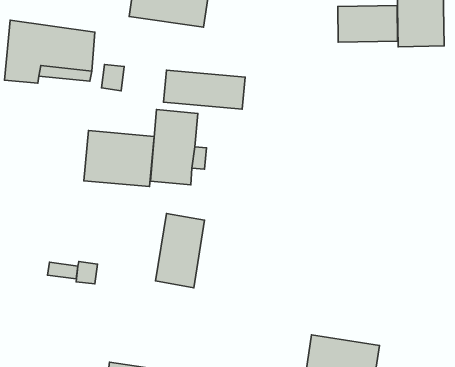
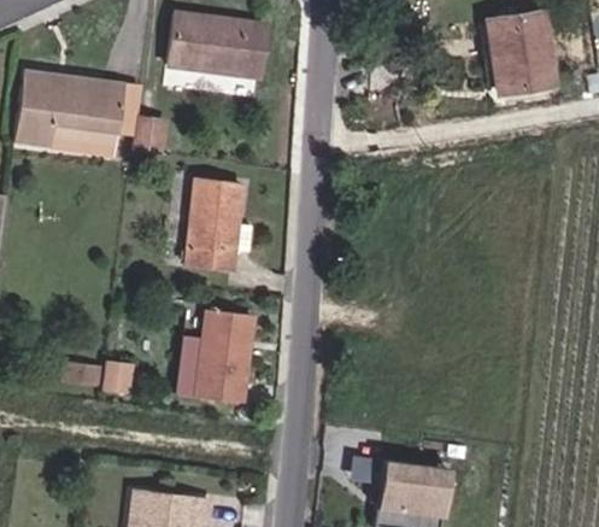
building: [338,5,398,42] -> none
building: [164,70,245,109] -> none
building: [84,131,154,187] -> none

